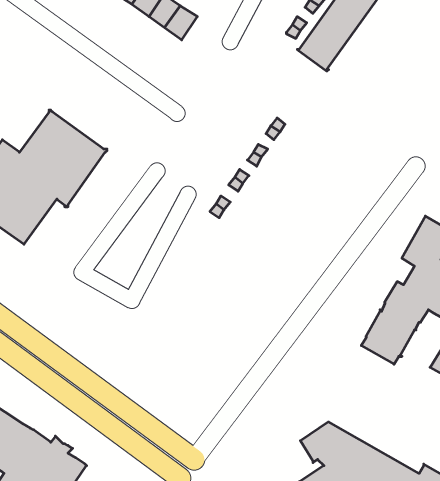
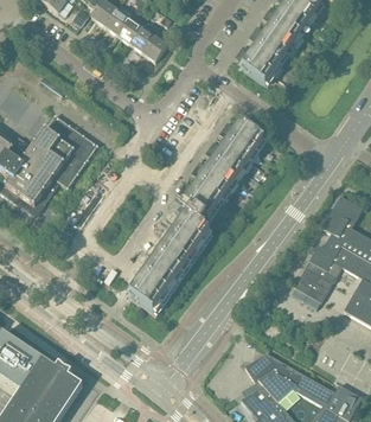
building: none -> [130,124,263,315]

